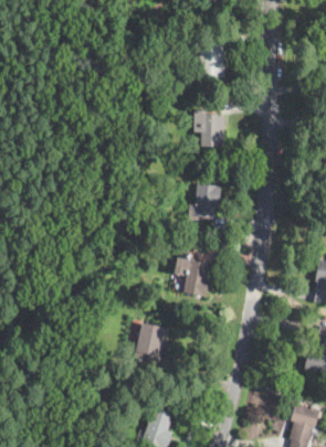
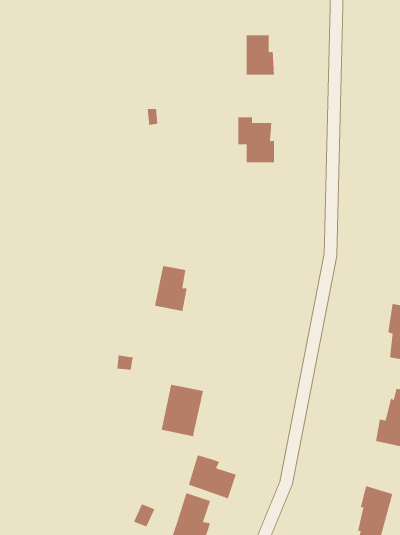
building: [188,182,222,221] -> none
building: [182,259,209,296] -> [154,266,187,312]
building: none -> [188,454,237,499]

